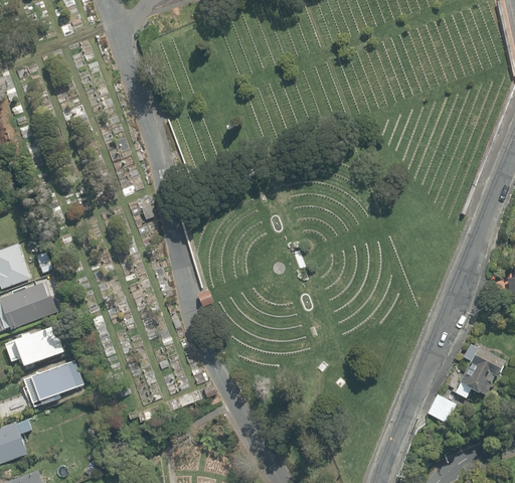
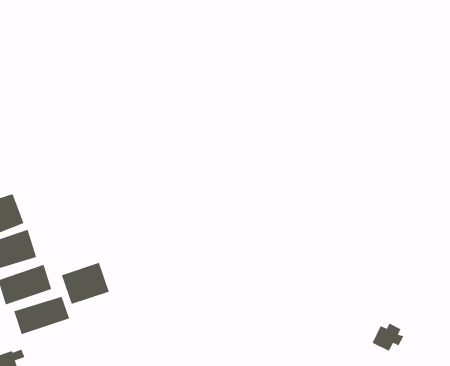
building: none -> [61,262,110,305]
building: [445,343,501,398] -> none

